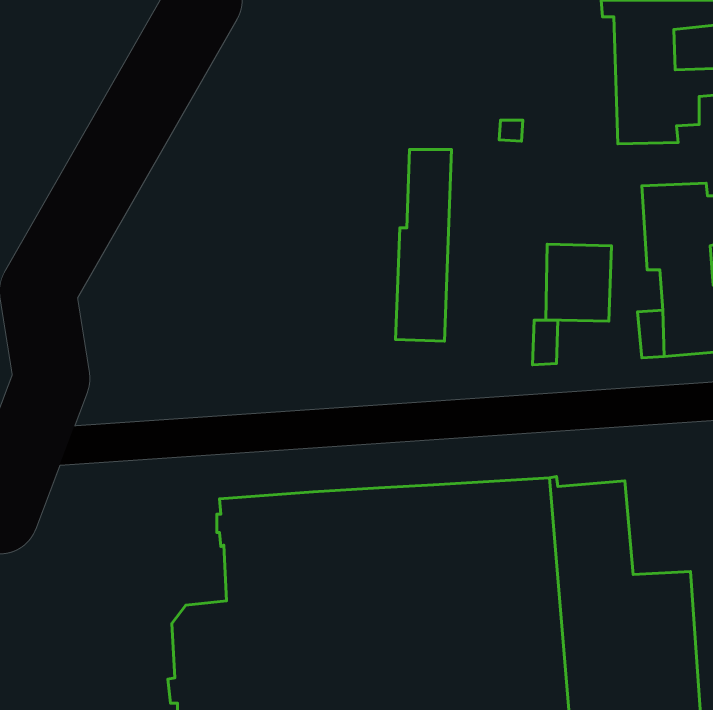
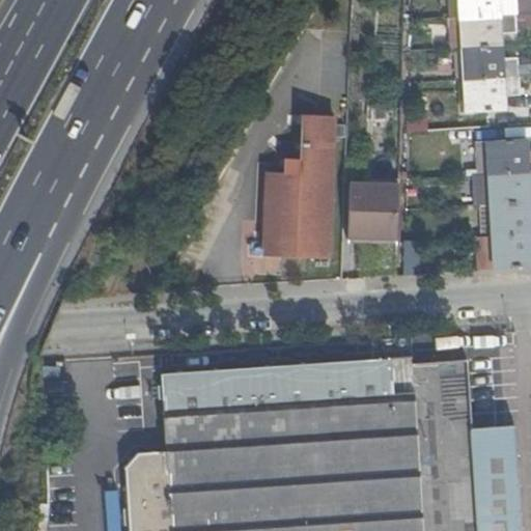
building: none -> [266,171,298,255]
building: [546,244,612,321] -> [351,180,399,237]

